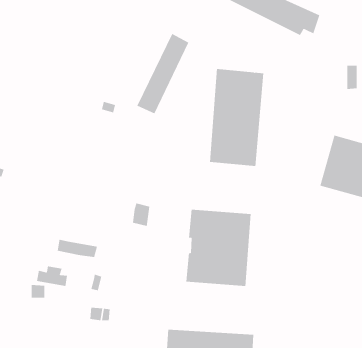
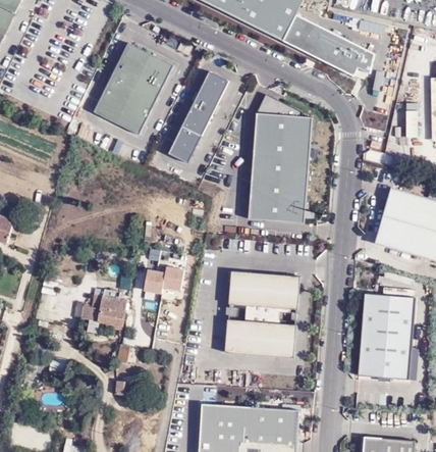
building: none -> [95,43,175,135]
building: none -> [258,93,302,116]
building: none -> [143,266,165,294]
building: none -> [356,294,413,380]
building: [36,266,68,287] -> [91,289,126,312]

